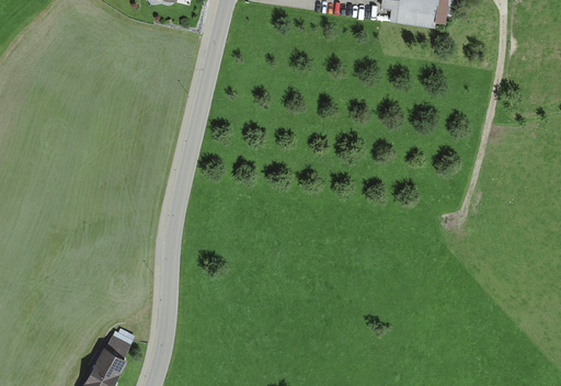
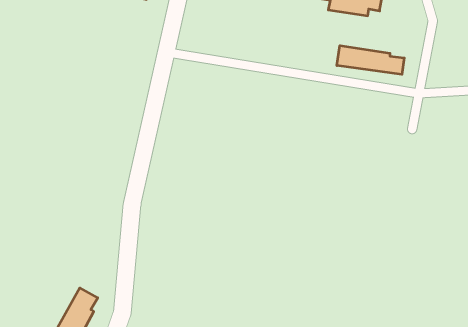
building: none -> [337,46,404,74]

